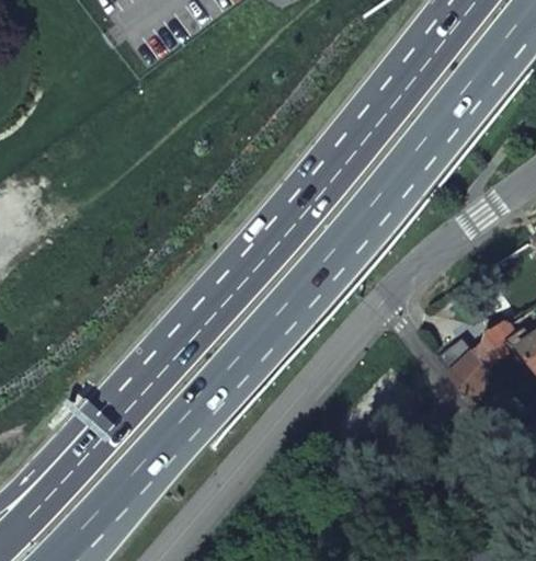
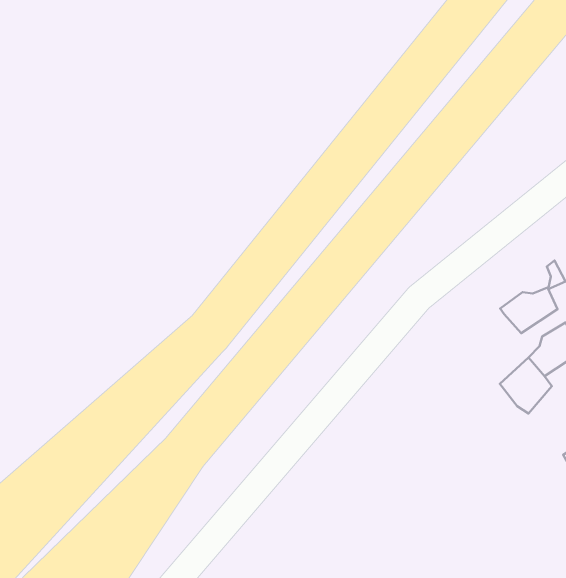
building: none -> [500,288,558,333]

